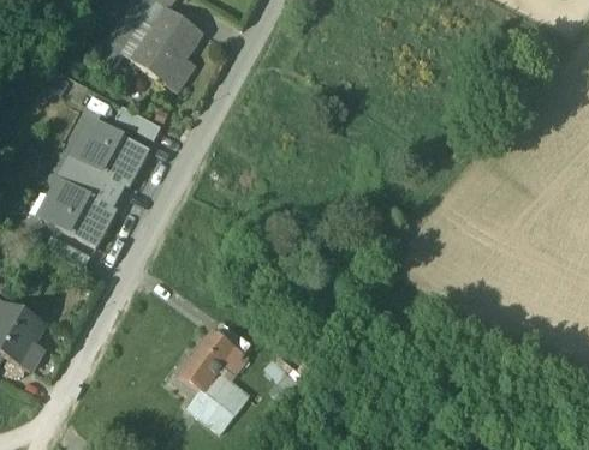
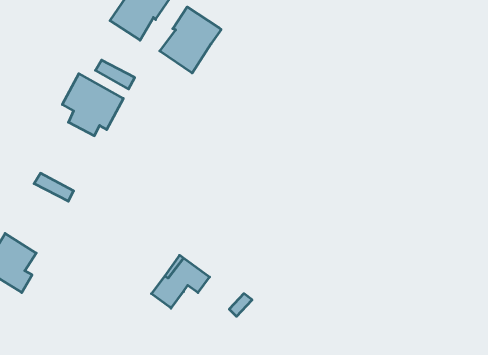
building: none -> [160,7,221,73]
building: [42,175,114,244] -> none
building: [188,371,246,431] -> none

